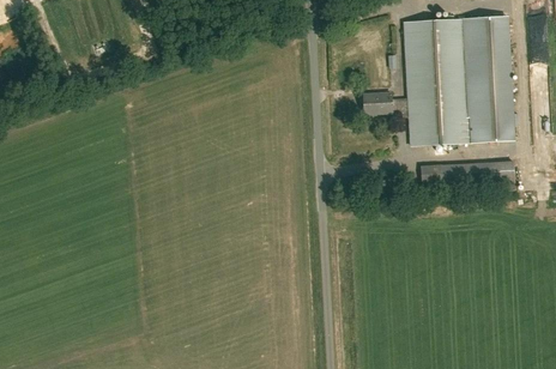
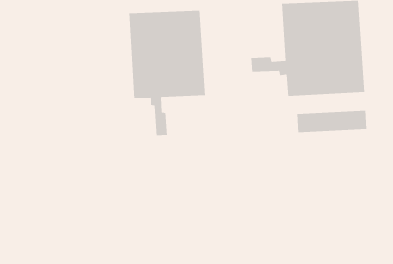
building: none -> [129,10,206,136]

